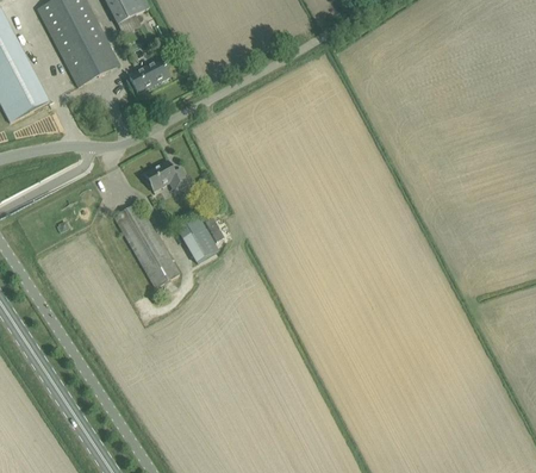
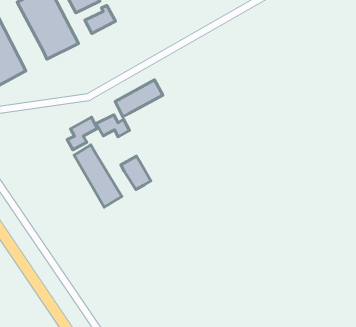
building: [127,55,169,93] -> [85,5,116,34]
building: none -> [115,80,163,117]
building: none -> [67,117,97,150]

